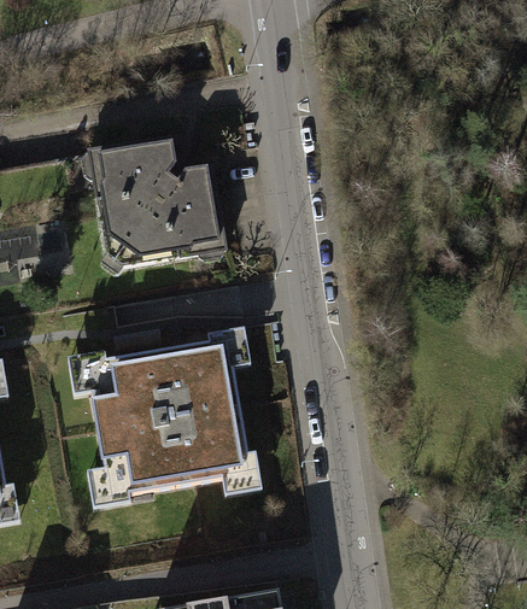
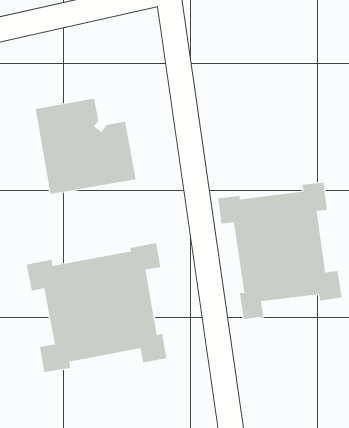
building: none -> [217,182,342,320]

